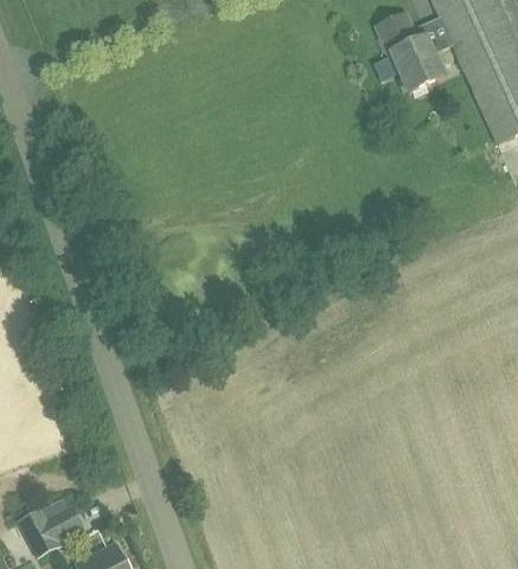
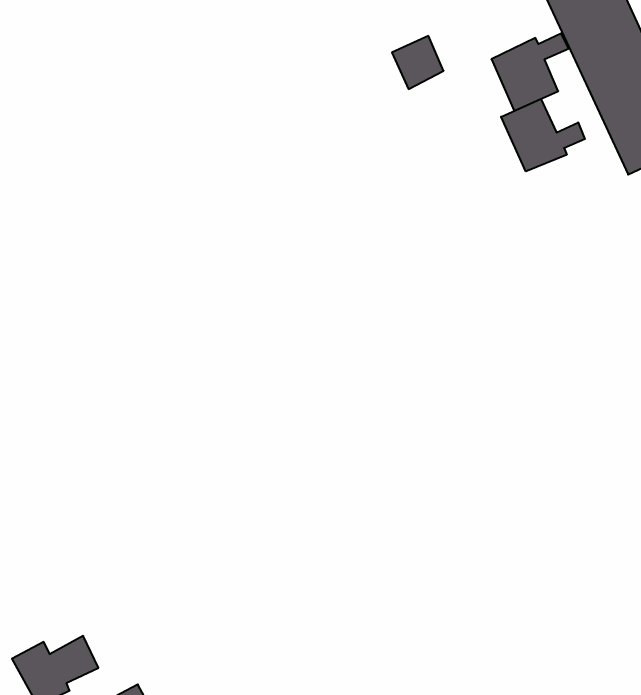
building: [375,11,415,52] -> [392,36,444,89]
building: none -> [501,99,585,171]

